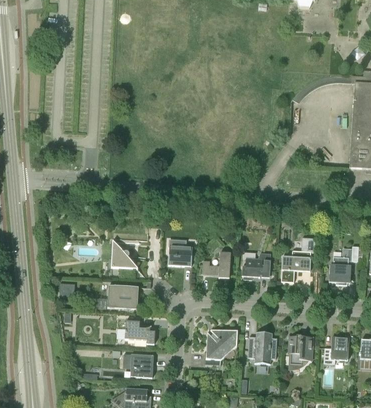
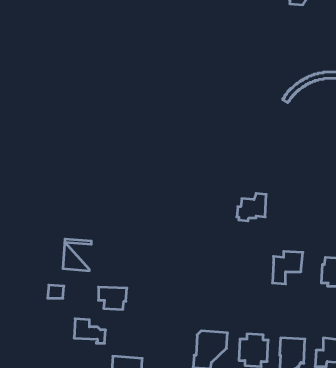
building: [111,237,139,268] -> [63,239,91,271]
building: [168,244,192,265] -> none
building: [202,251,230,277] -> none
building: [241,252,270,279] -> [237,193,266,221]
building: [124,319,155,343] -> [74,319,106,343]

